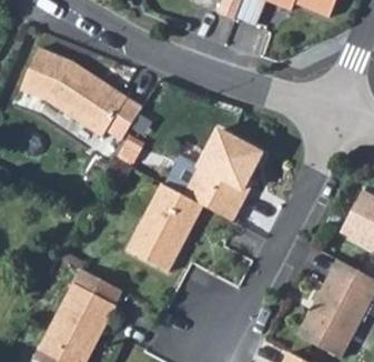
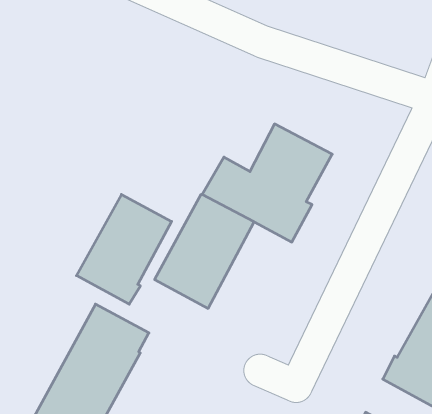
building: [22,48,143,141] -> none
building: none -> [76,194,172,304]

